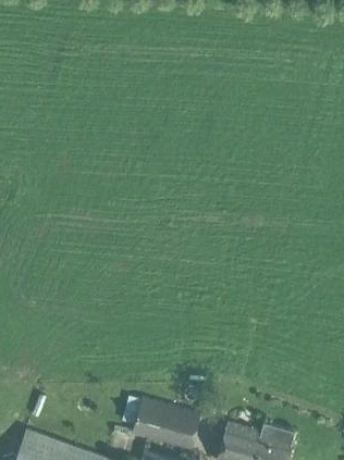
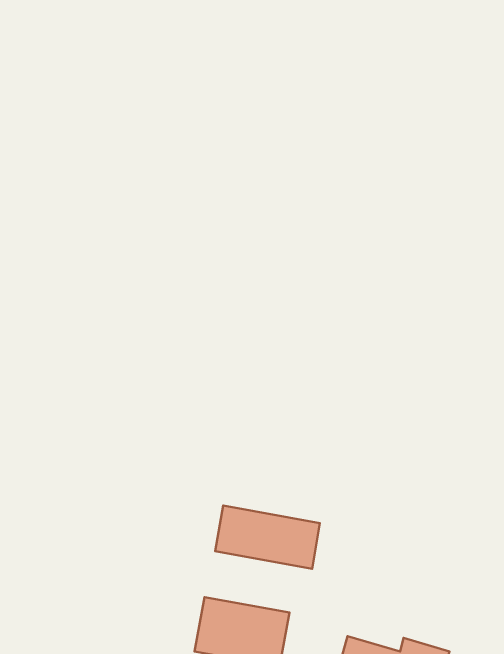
building: none -> [215,506,320,569]

